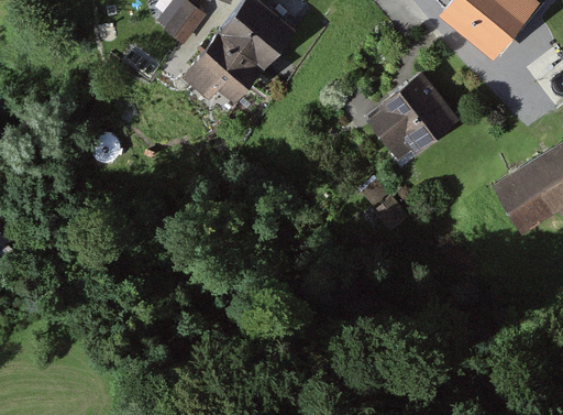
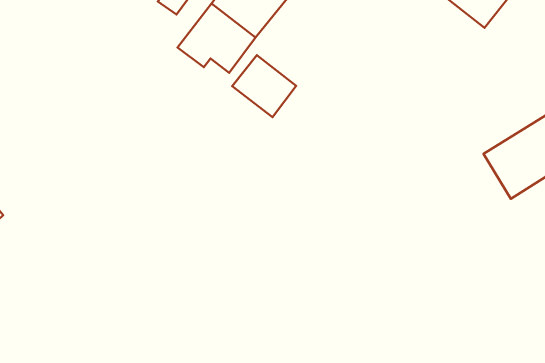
building: [369,72,461,164] -> none
building: none -> [232,55,296,117]

